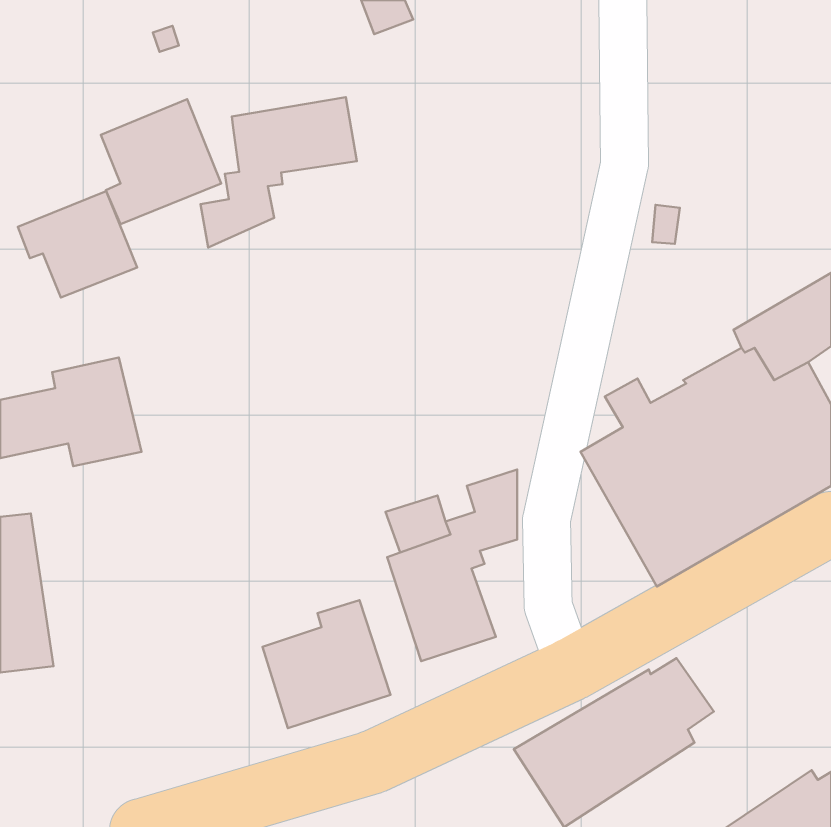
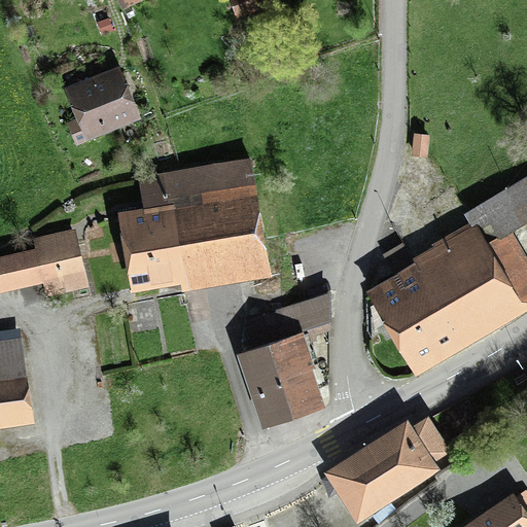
building: [201,97,357,247] -> none
building: [18,191,137,298] -> none
building: none -> [118,156,272,291]
building: [262,600,390,728] -> none

